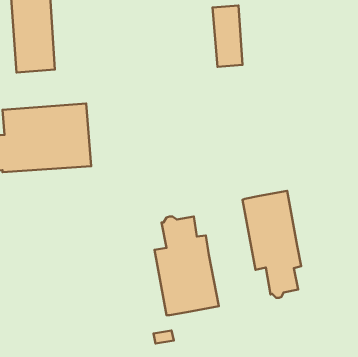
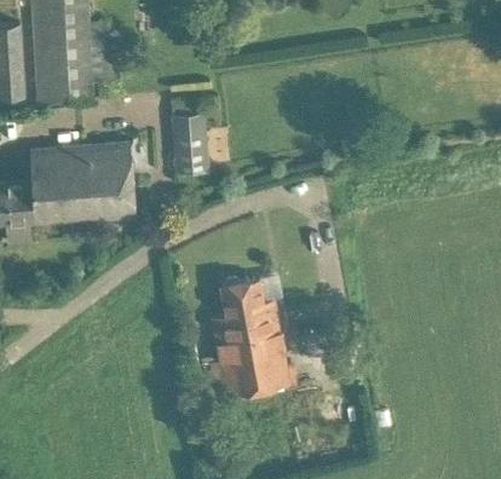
building: [212,5,243,67] -> [169,98,206,172]
building: [242,191,301,298] -> none

